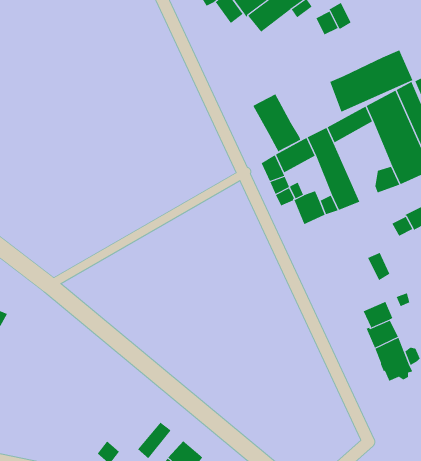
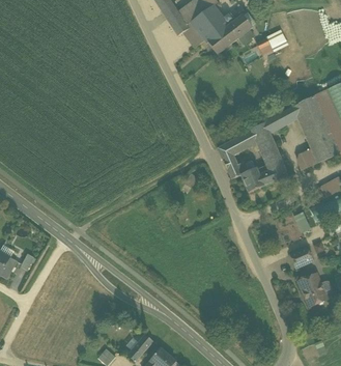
building: [329,50,413,113] -> none
building: [253,94,301,153] -> none

